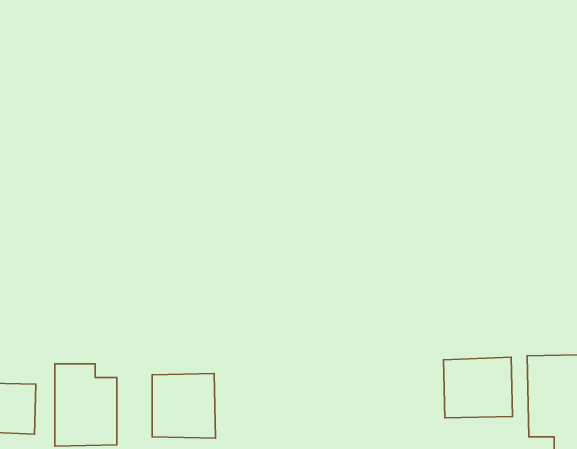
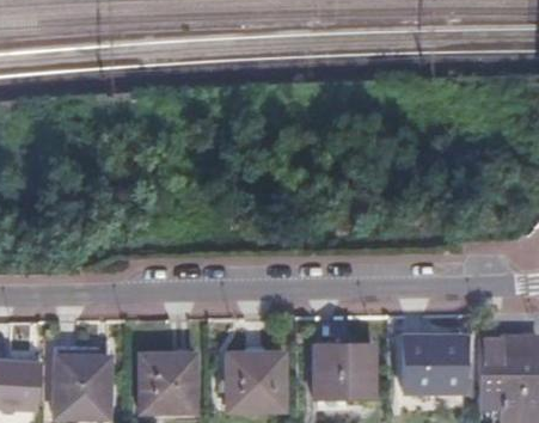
building: none -> [316,344,374,399]
building: none -> [229,354,286,411]

